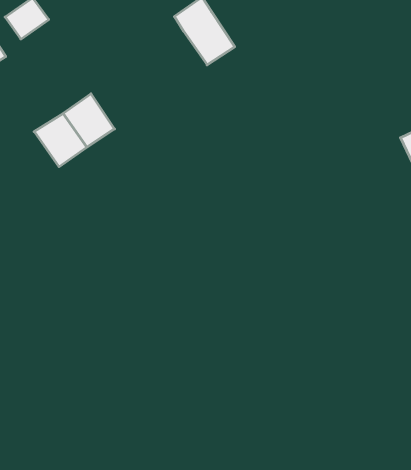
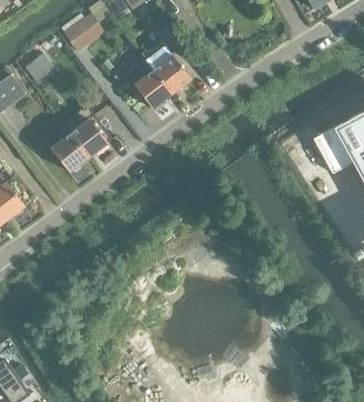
building: none -> [127,58,172,108]

